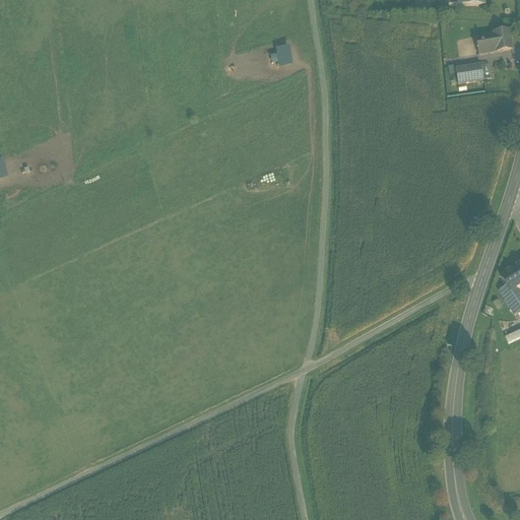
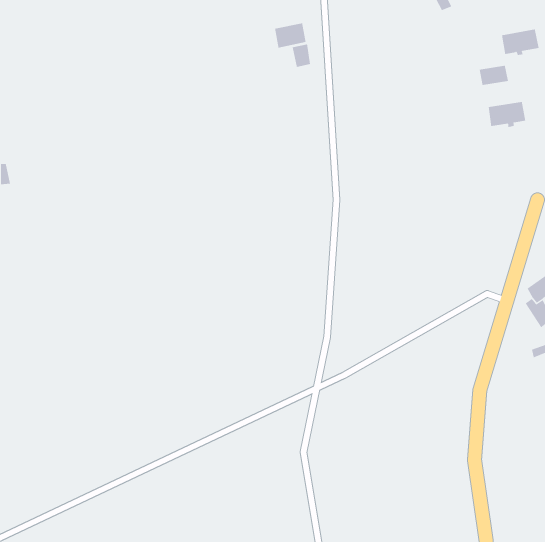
building: none -> [275,22,306,48]
building: none -> [488,101,526,128]

